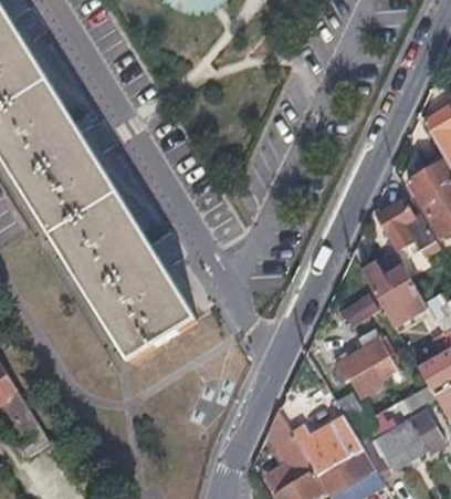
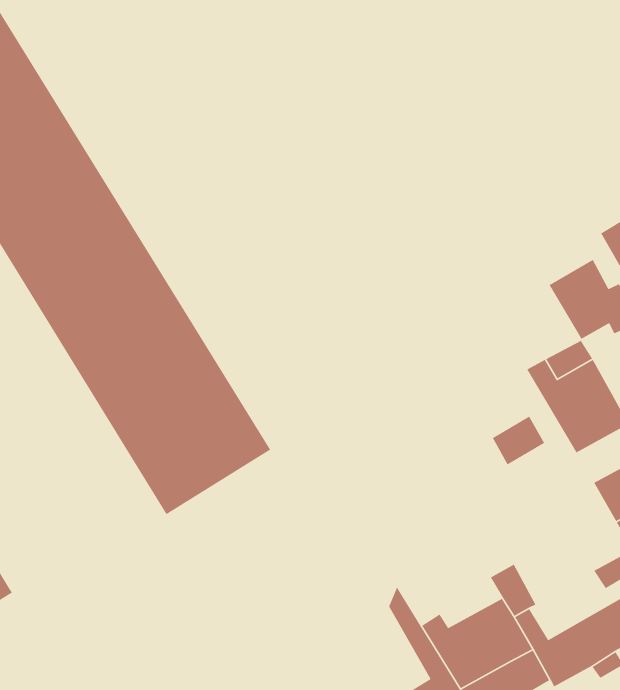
building: [334,329,397,392] -> none

